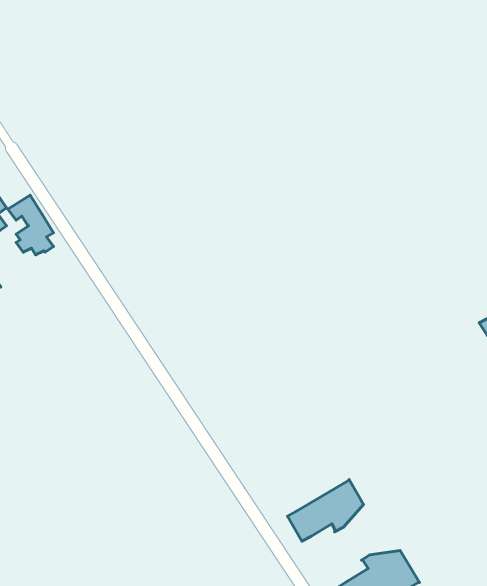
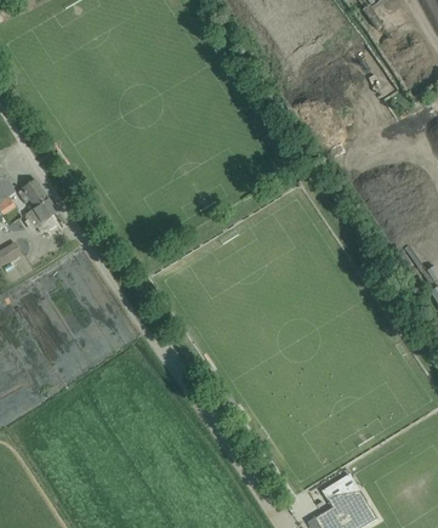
building: [288,480,364,541] -> none

